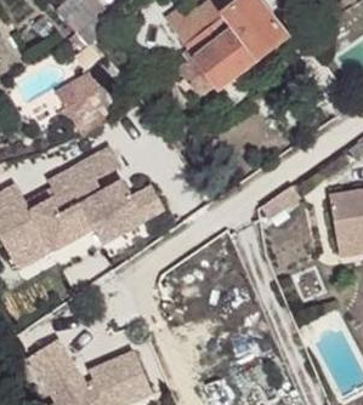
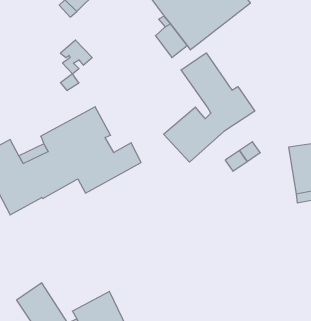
building: none -> [164,53,255,162]

